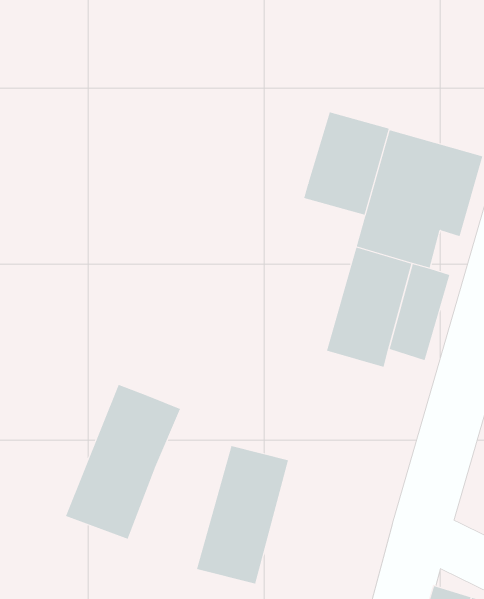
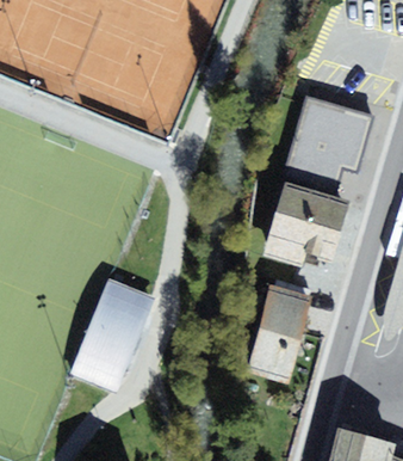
building: [303,112,389,216] -> none
building: [196,445,289,584] -> [246,284,312,385]

